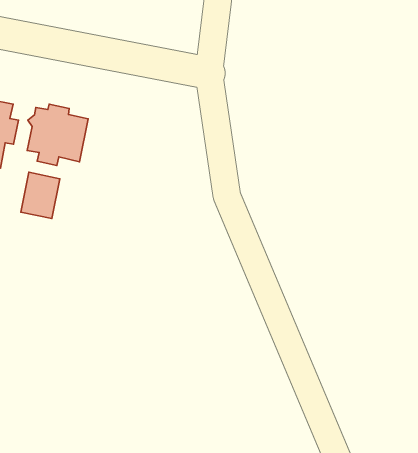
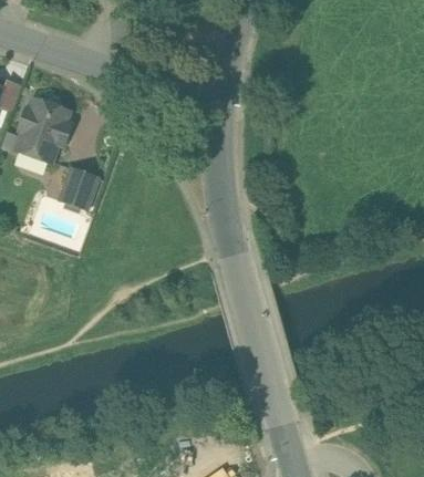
building: [27,104,88,165] -> none

